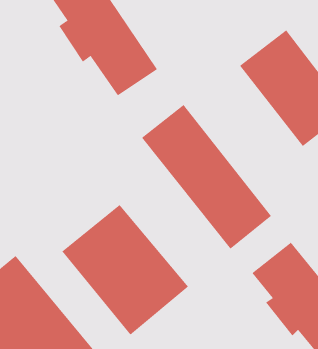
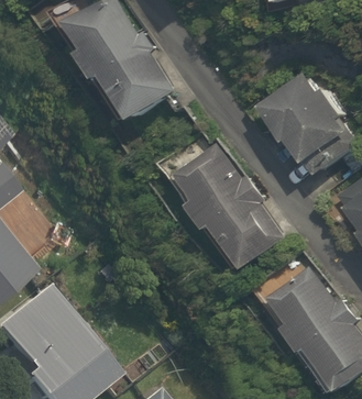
building: [62,204,189,335] -> none

